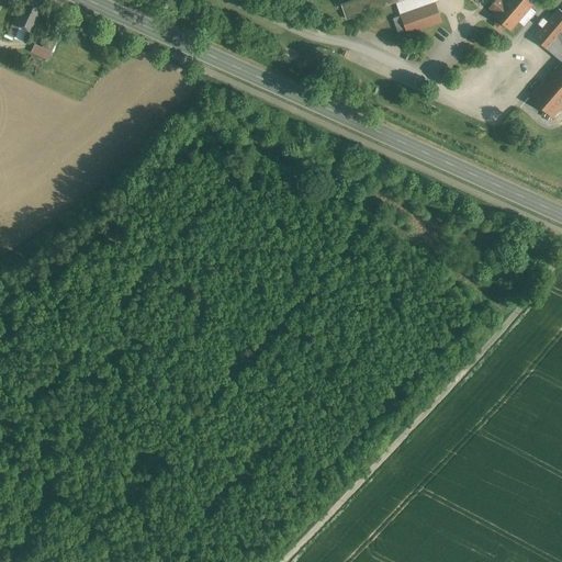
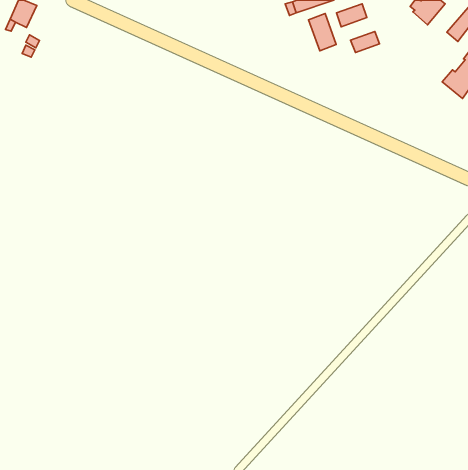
building: none -> [309,14,336,51]
building: none -> [351,31,380,52]

